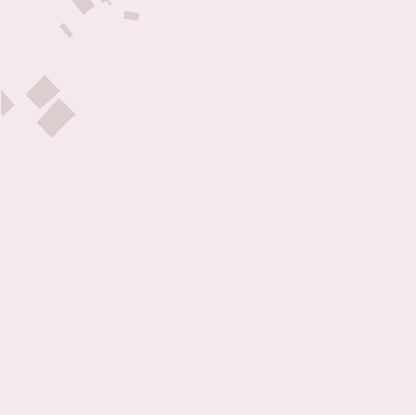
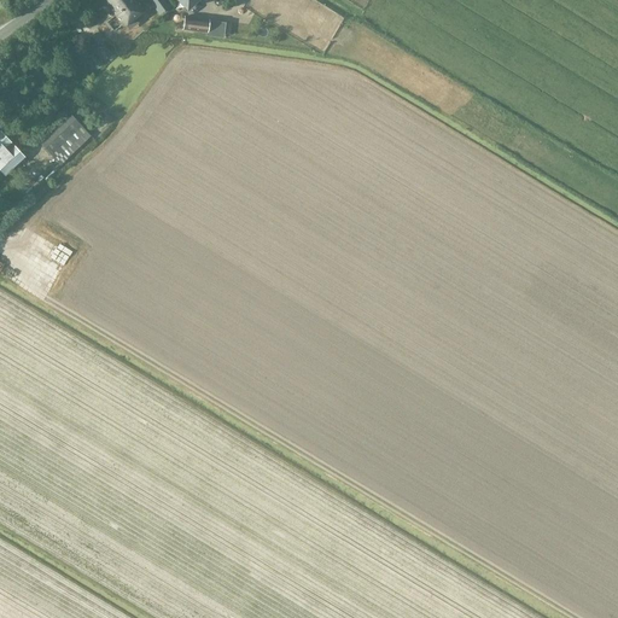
building: [36,97,77,139] -> none

